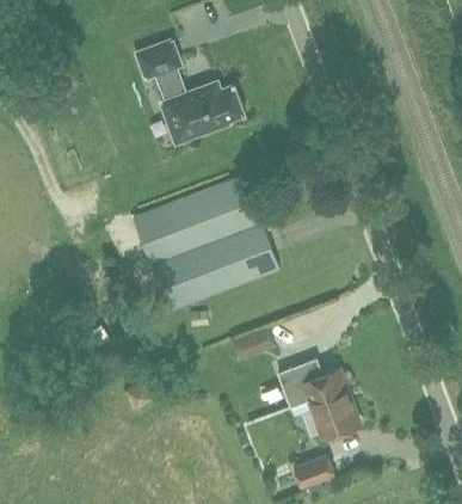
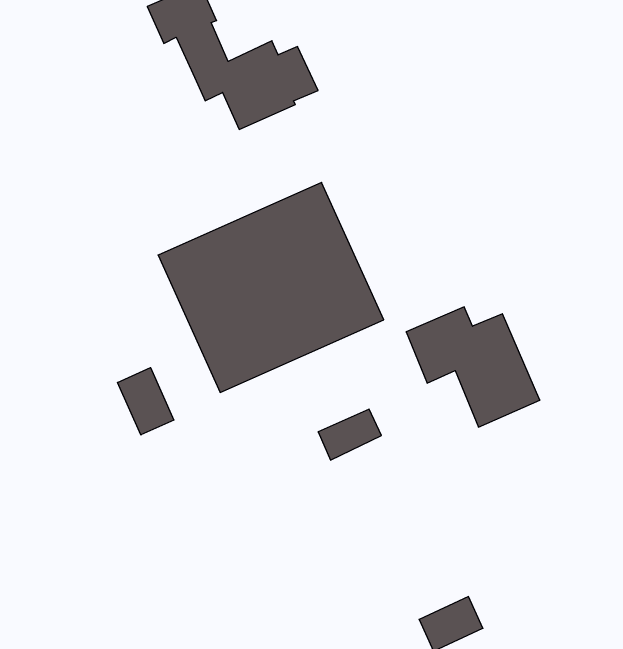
building: none -> [118,368,174,435]
building: [276,361,362,441] -> [406,307,540,427]

